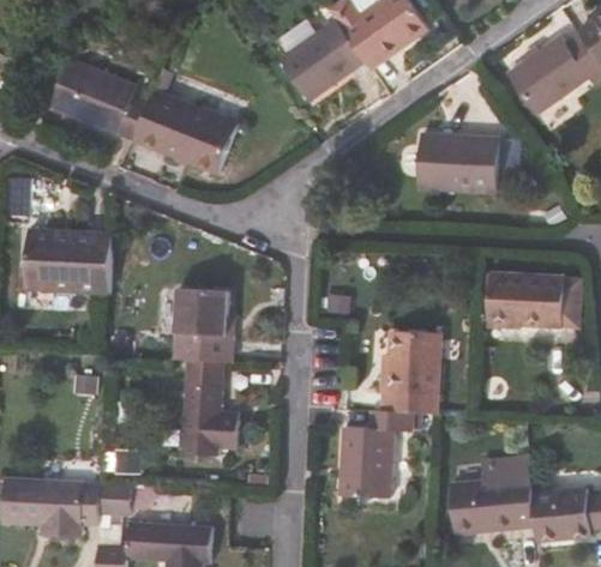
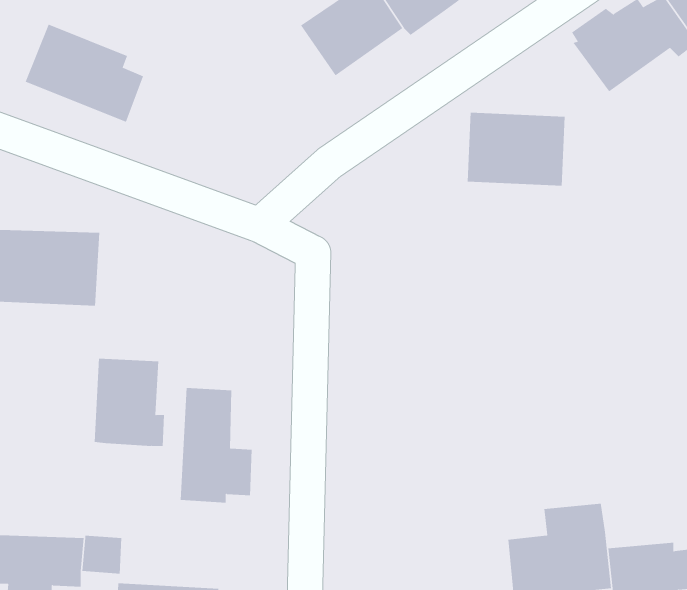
building: [136,90,238,174] -> none
building: [487,273,578,327] -> none
building: [175,289,234,362] -> [94,358,165,446]
building: [380,332,439,396] -> none
building: [337,410,413,497] -> none

